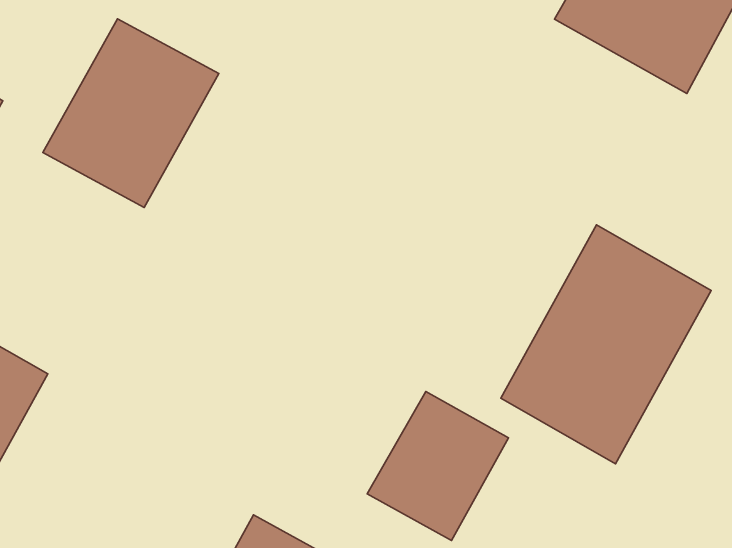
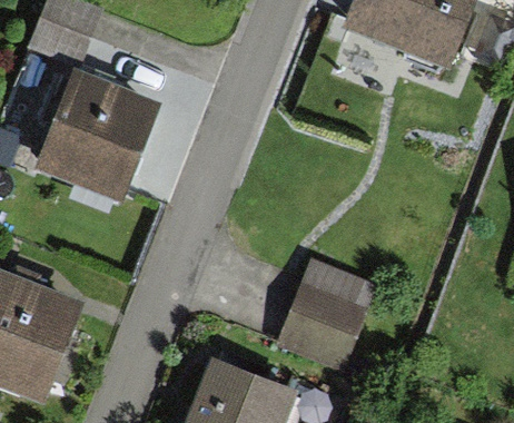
building: [501,225,711,464] -> none

